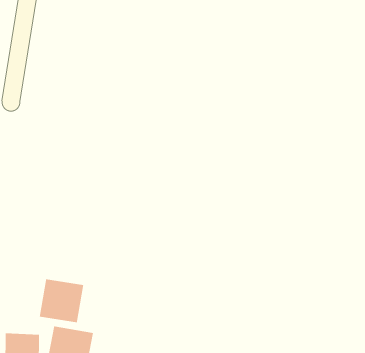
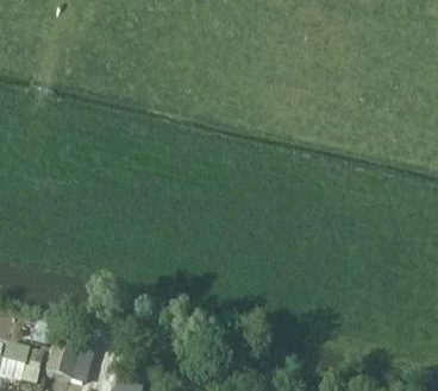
building: [39,278,84,323] -> none

